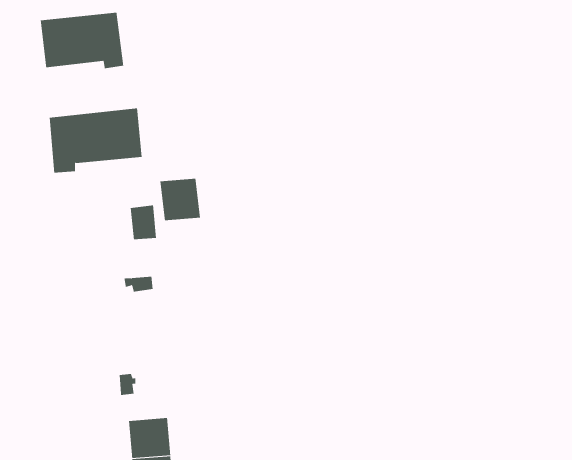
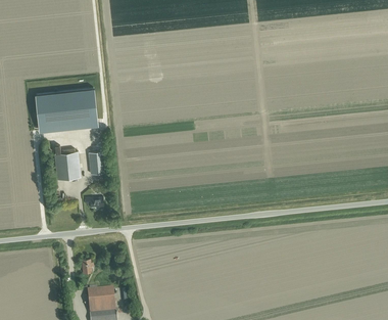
building: [40,12,124,69] -> none
building: [160,178,201,221] -> [54,153,81,181]

